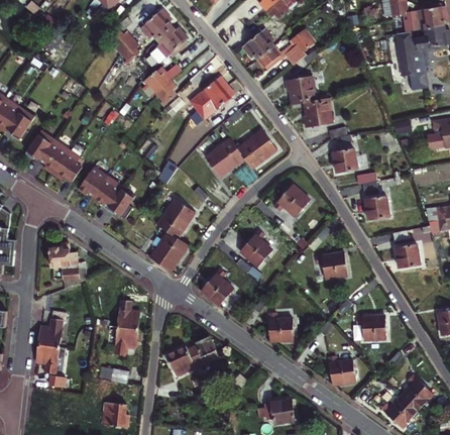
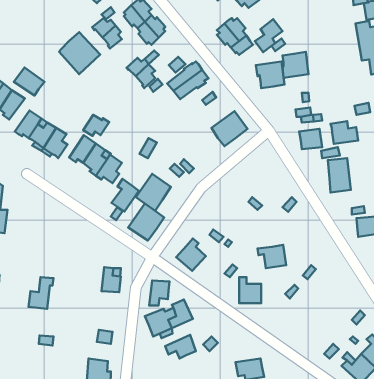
building: none -> [59,32,100,74]
building: none -> [14,67,45,95]
building: [305,99,333,127] -> [283,52,308,78]
building: none -> [83,115,109,136]
building: [198,138,244,178] -> none
building: none -> [331,121,358,144]
building: [272,185,310,217] -> none
building: none -> [112,179,139,212]
building: [238,230,271,266] -> none
building: [47,244,83,289] -> none
building: [316,252,347,278] -> [257,245,286,268]
building: [356,316,386,340] -> none
building: [114,327,136,354] -> [149,281,170,305]
building: [35,344,58,373] -> none
building: [327,357,354,386] -> none
building: none -> [165,335,196,358]

